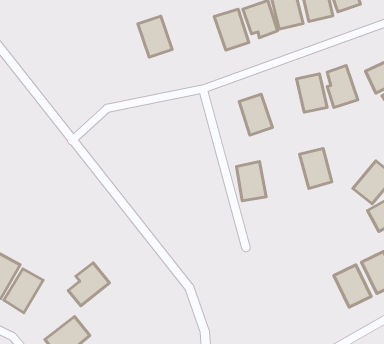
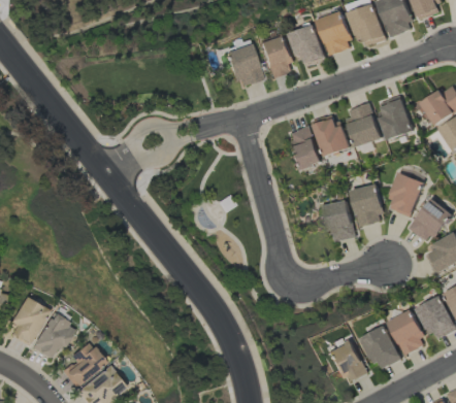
building: [138,16,172,57] -> [225,43,262,88]
building: none -> [314,113,347,156]
building: none -> [388,171,424,216]
building: [236,162,266,201] -> [323,199,355,241]
building: [68,263,109,306] -> [61,341,105,388]
building: none -> [362,325,400,369]
building: none -> [327,338,368,384]

